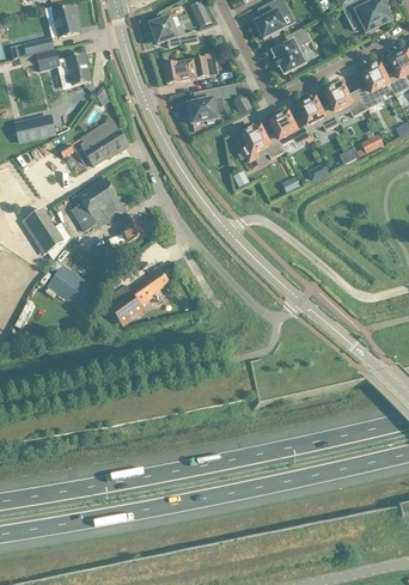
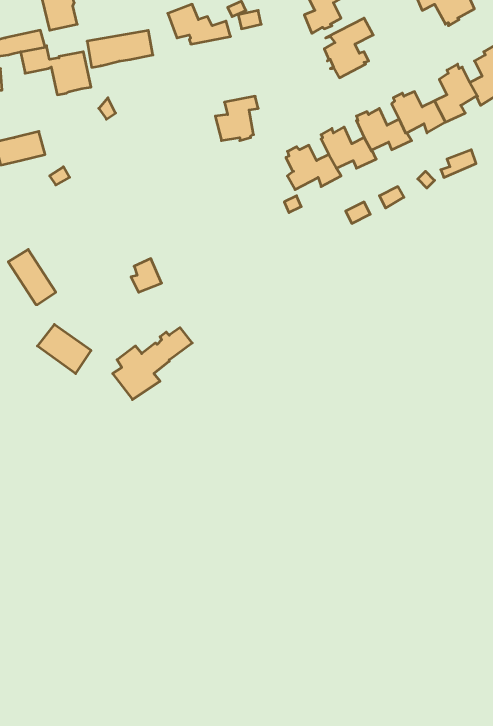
building: [163,54,214,83] -> [87,30,153,67]
building: [80,127,128,164] -> none
building: [71,177,124,230] -> none

